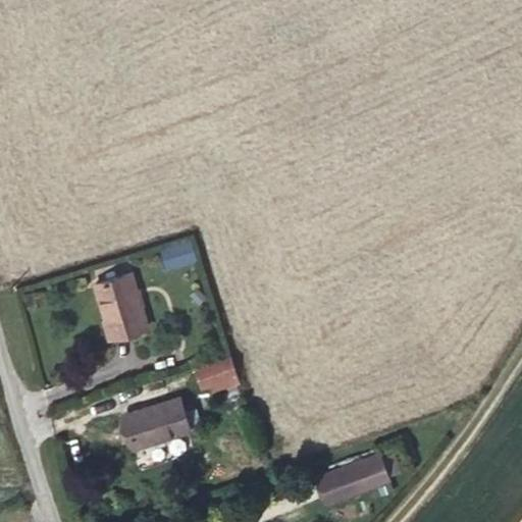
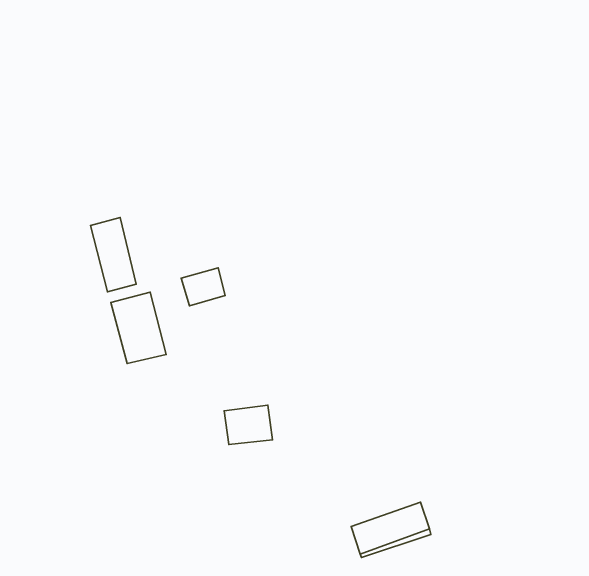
building: none -> [90,218,136,292]
building: [123,398,190,448] -> none

